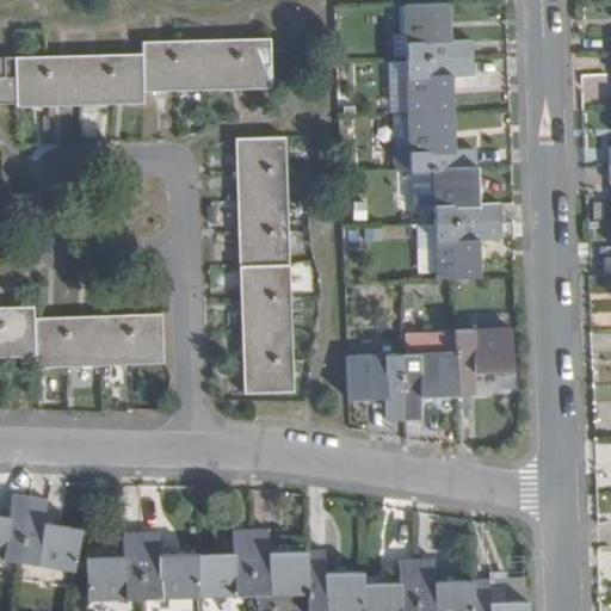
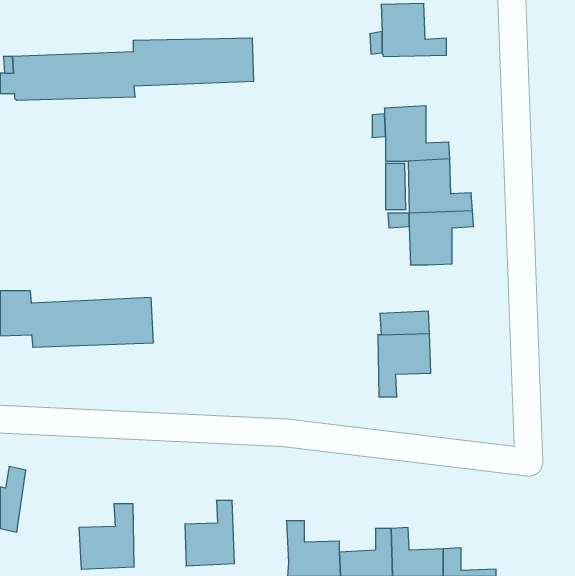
building: [394,58,475,115] -> none
building: [236,137,294,395] -> none
building: [455,328,513,395] -> none
building: [346,354,402,421] -> none
building: [19,498,80,572] -> none
building: [247,529,307,597] -> none
building: [142,532,198,600] -> none

